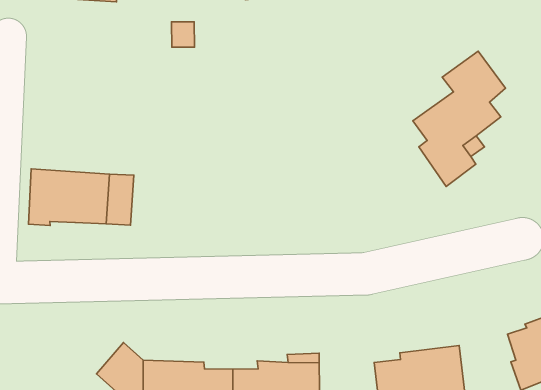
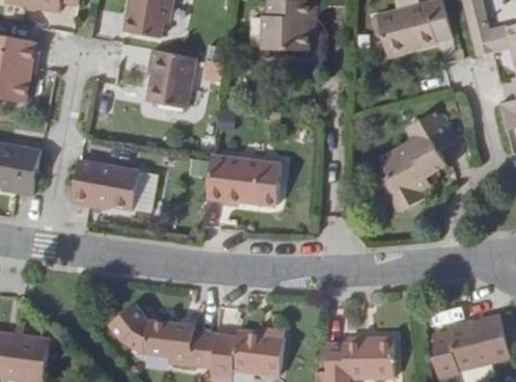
building: none -> [145,49,195,108]
building: none -> [207,155,281,206]

